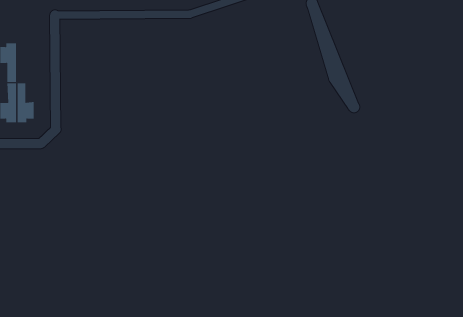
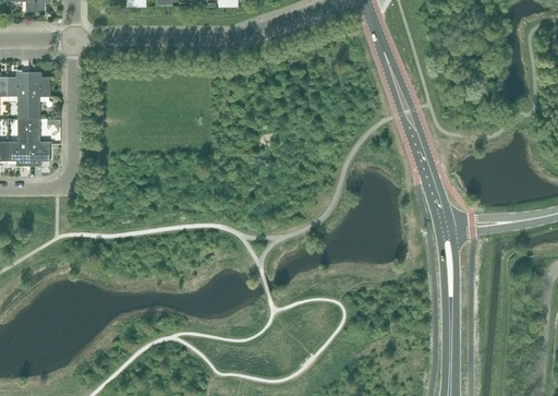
building: none -> [28,71,49,118]

